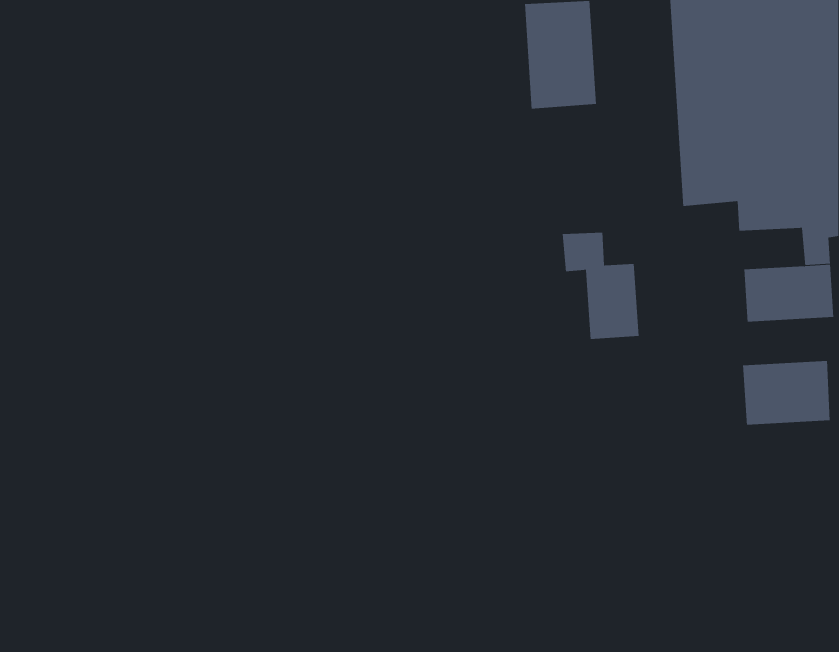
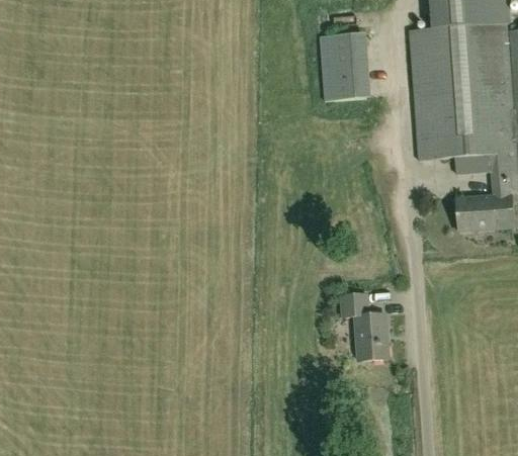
building: [562,232,639,339] -> [342,293,390,359]
building: [742,360,830,425] -> none

